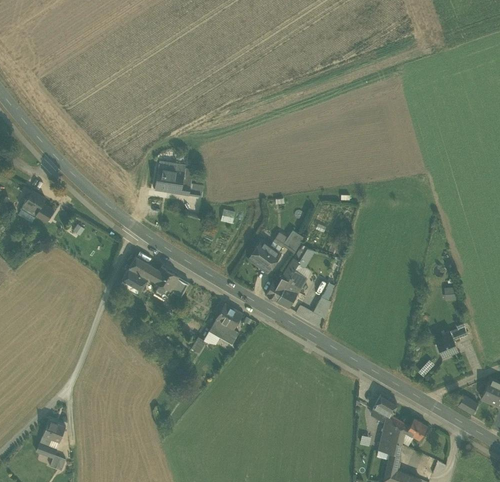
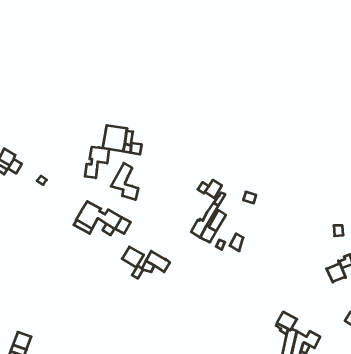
building: none -> [85,147,109,178]
building: none -> [111,163,138,200]
building: [249,241,278,272] -> none
building: [215,304,242,330] -> [122,247,144,268]

